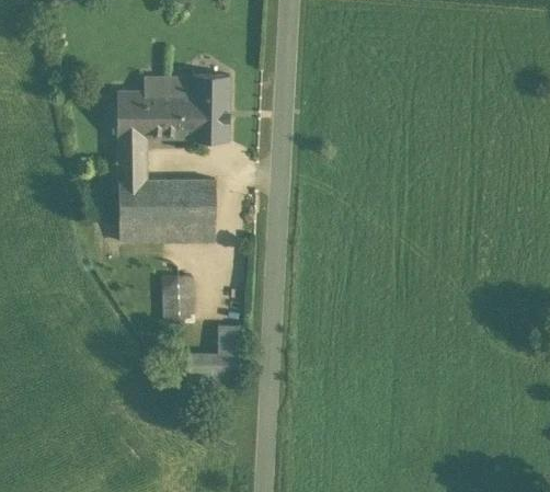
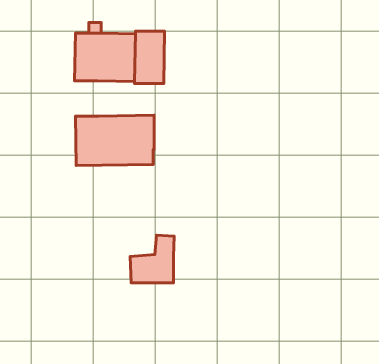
building: [116,136,145,180] -> none
building: [161,275,193,322] -> none

